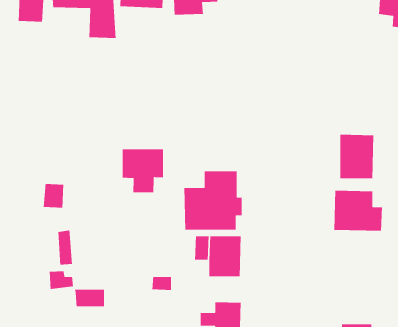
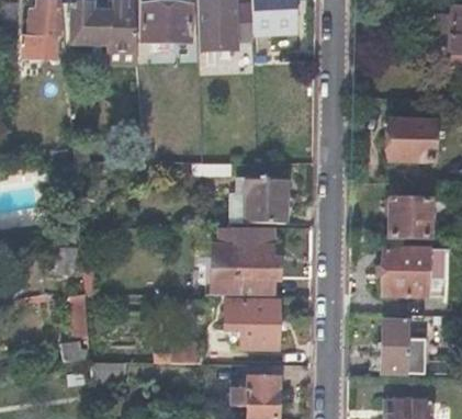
building: none -> [386,120,435,160]
building: none -> [245,177,285,222]
building: [122,149,164,193] -> none
building: none -> [381,320,426,372]

